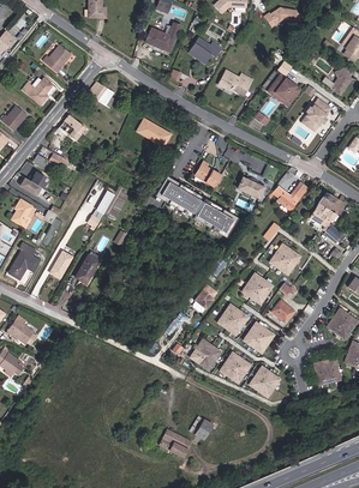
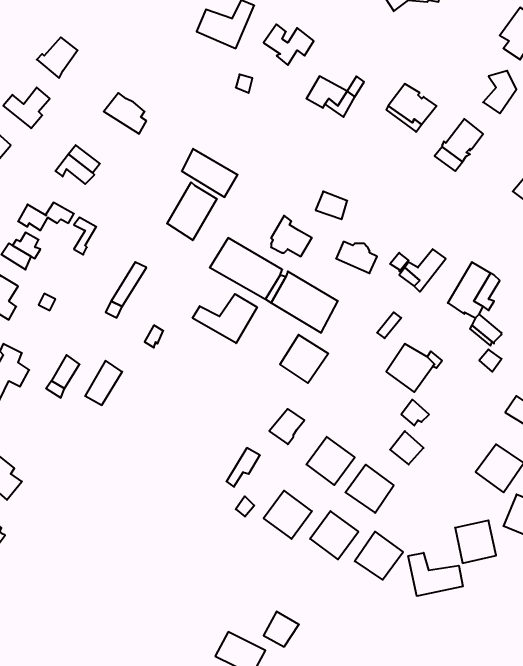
building: none -> [167,182,217,240]
building: none -> [193,294,257,343]
building: [243,272,274,303] -> [280,335,328,383]
building: none -> [408,553,463,596]

